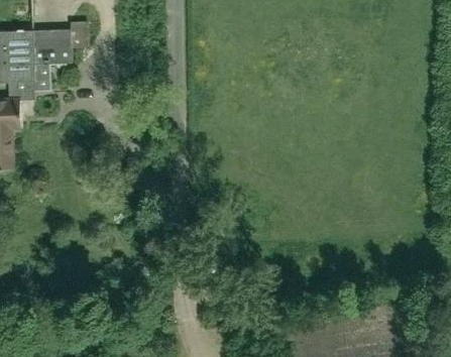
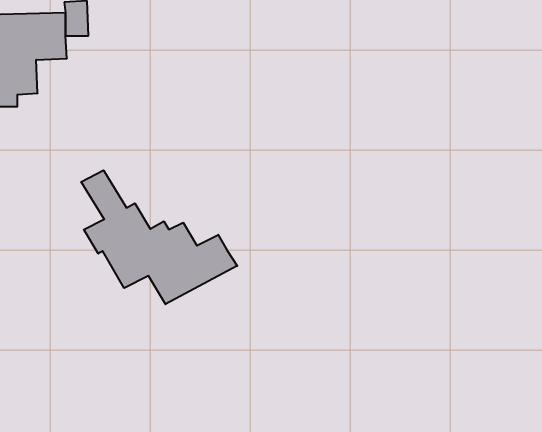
building: none -> [81,170,237,304]

